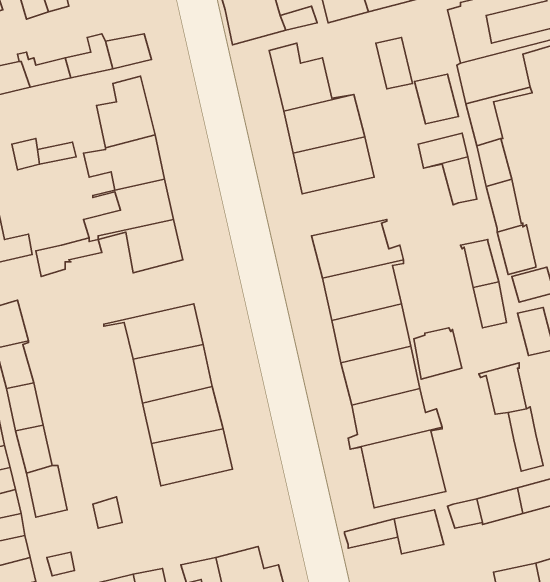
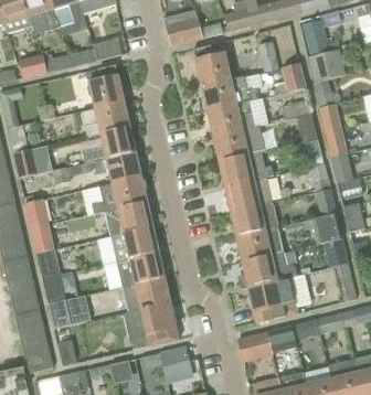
building: none -> [212,125,263,160]
building: none -> [91,174,147,213]
building: [414,328,462,379] -> [314,212,342,243]
building: none -> [127,300,179,349]

